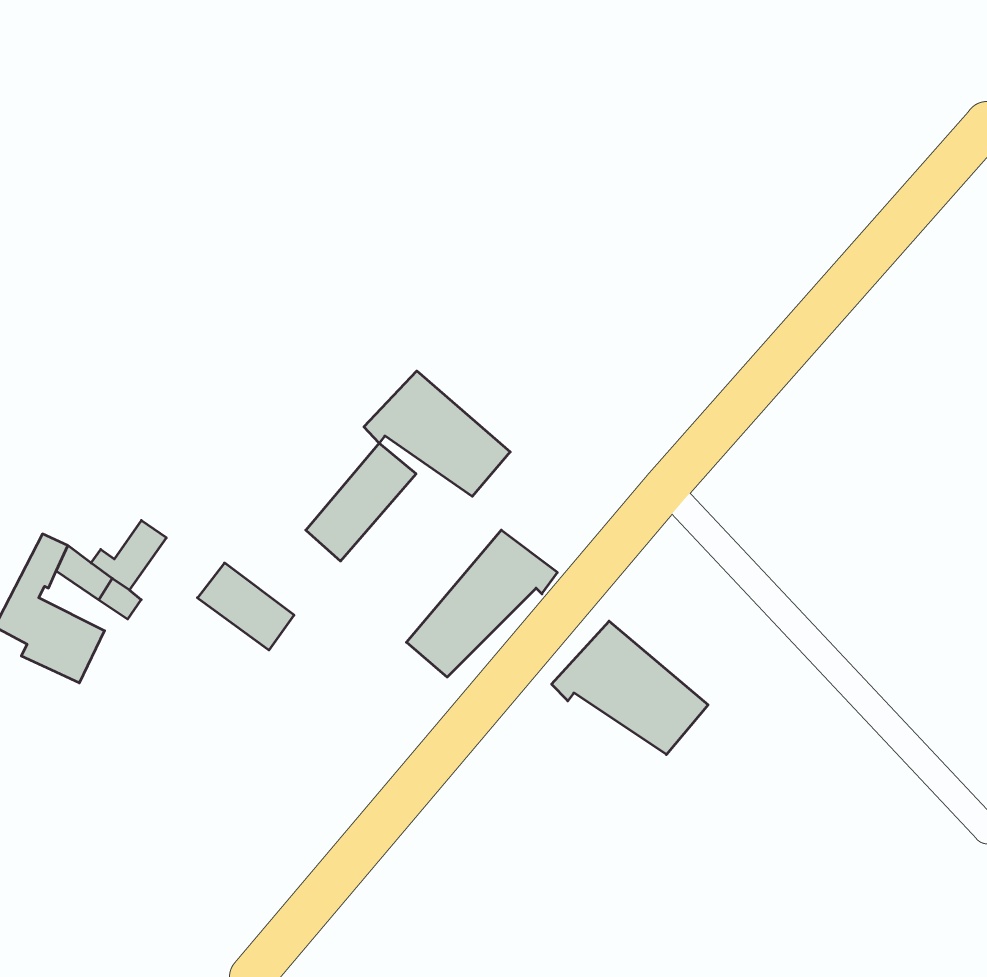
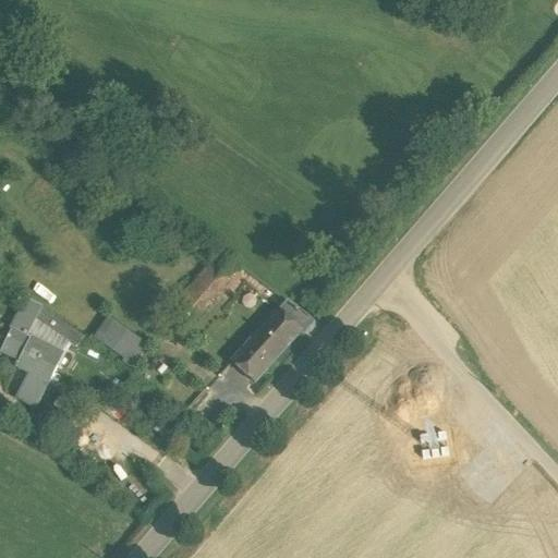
building: [364,371,510,496] -> none
building: [552,621,708,755] -> none
building: none -> [13,376,45,411]

